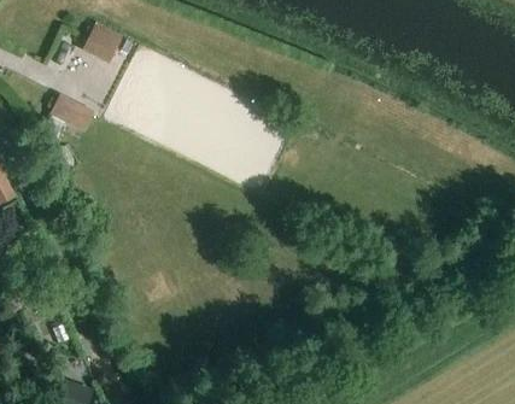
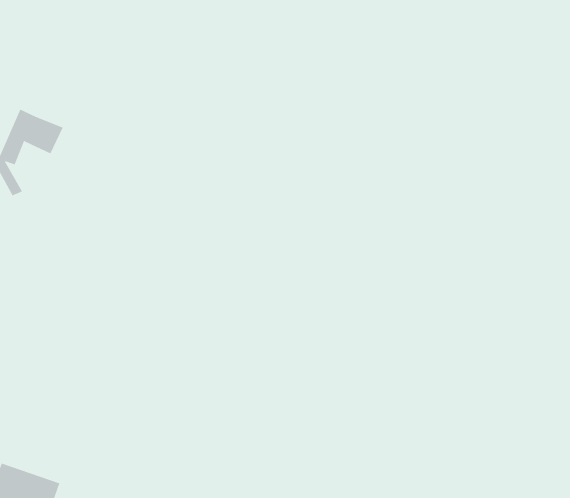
building: [82,21,123,62] -> none

